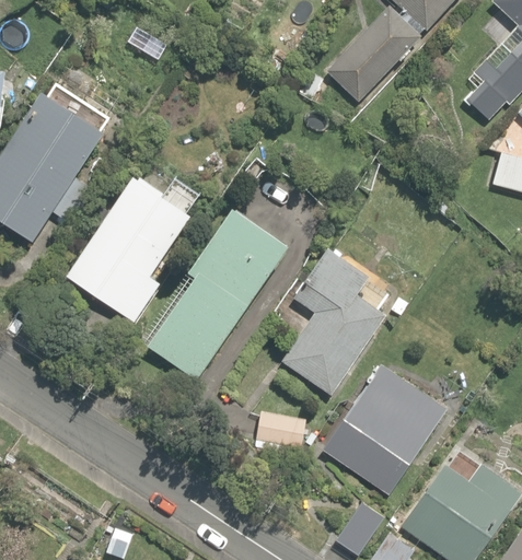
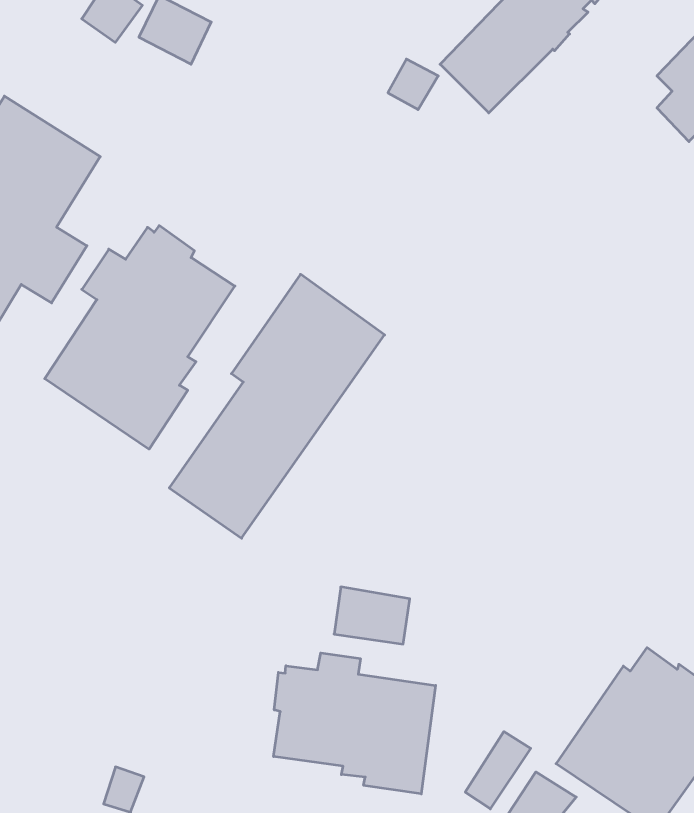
building: [280,248,386,395] -> none
building: [322,363,446,494] -> none
building: none -> [274,653,436,794]

